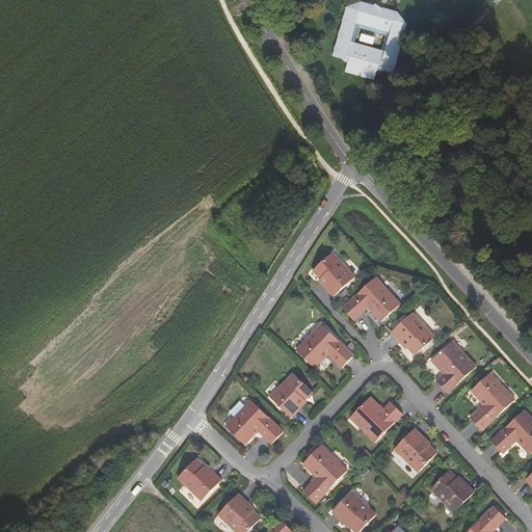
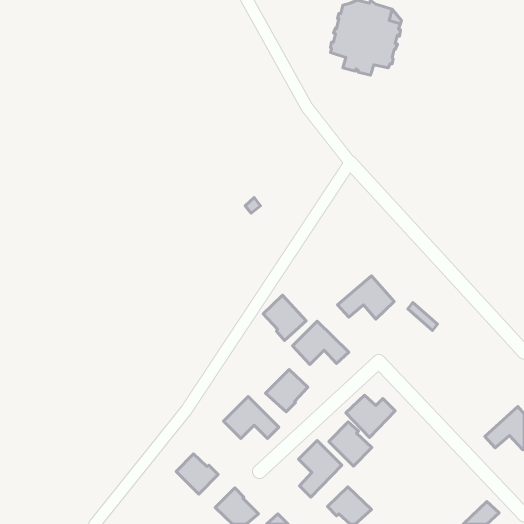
building: [311,250,354,296] -> [263,295,306,340]
building: [391,314,433,355] -> none
building: [435,337,479,393] -> none
building: [469,373,512,429] -> none
building: [393,428,436,473] -> [329,422,372,466]
building: [429,471,472,512] -> none

